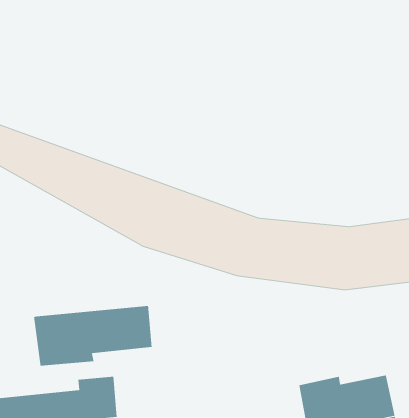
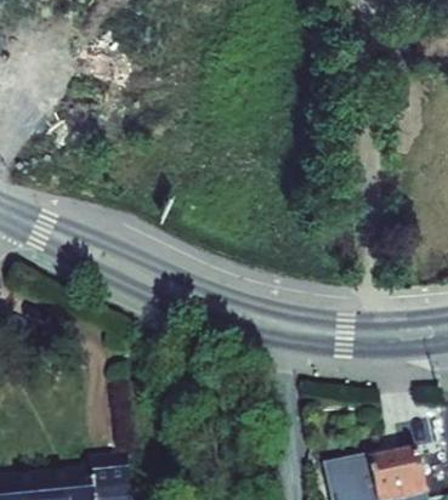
building: [34,305,152,367] -> none

